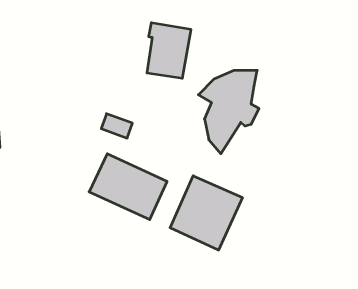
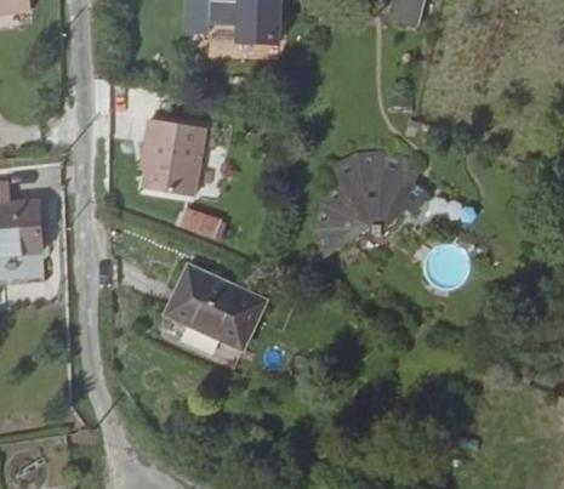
building: [147,23,191,78] -> [139,121,201,199]
building: [170,176,242,250] -> none

